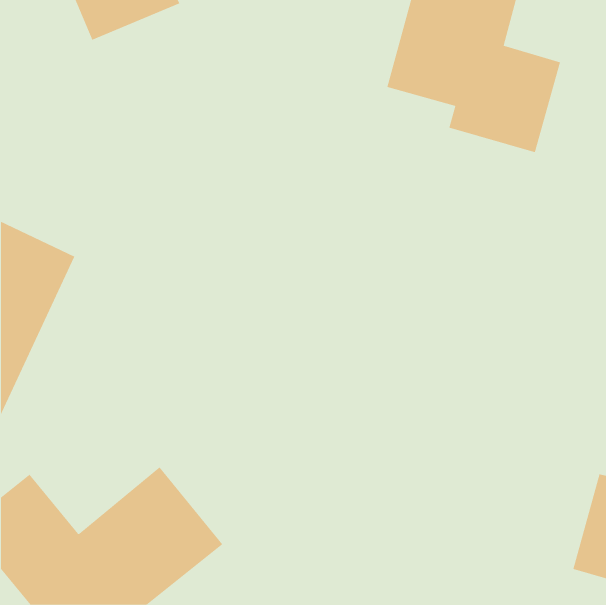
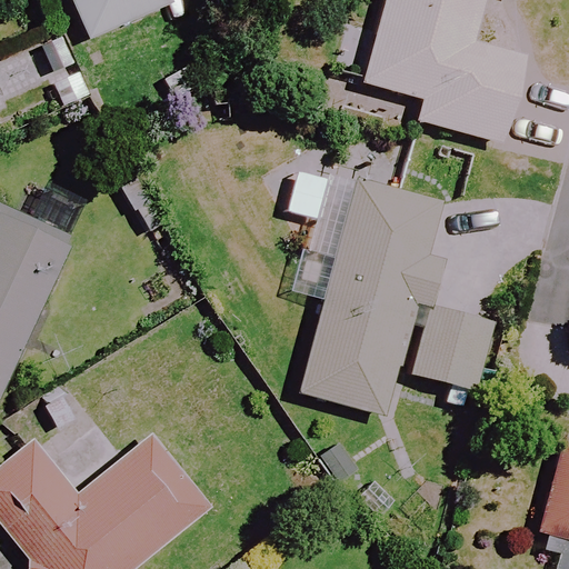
building: none -> [300,181,491,416]

